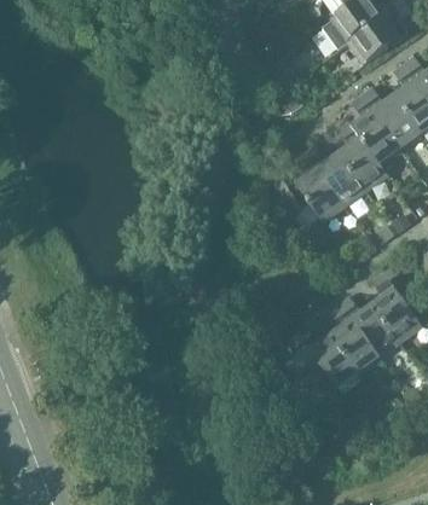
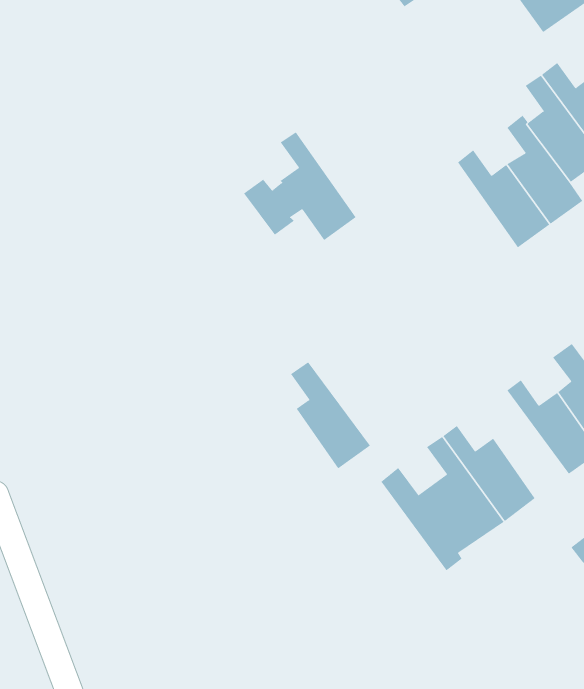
building: [270,150,345,222] -> [243,131,357,241]
building: [325,301,378,372] -> [290,362,371,469]

